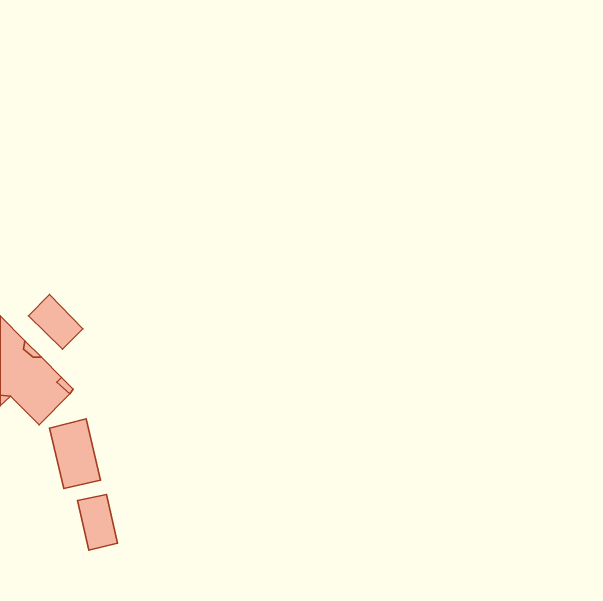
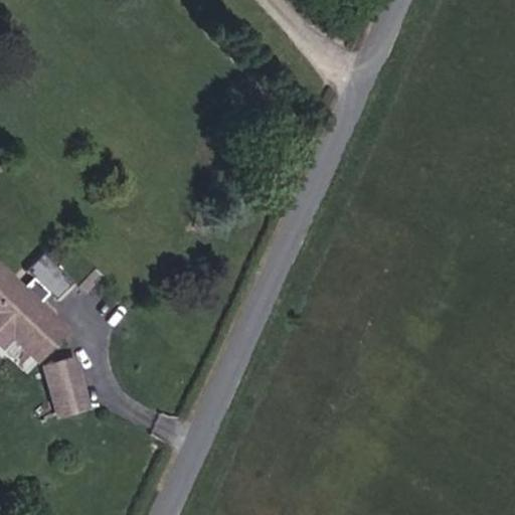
building: [77,494,118,550] -> none

